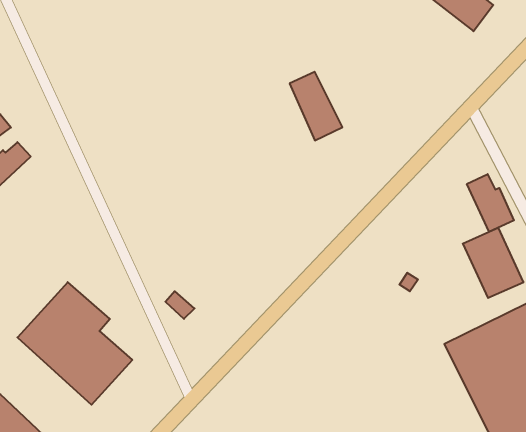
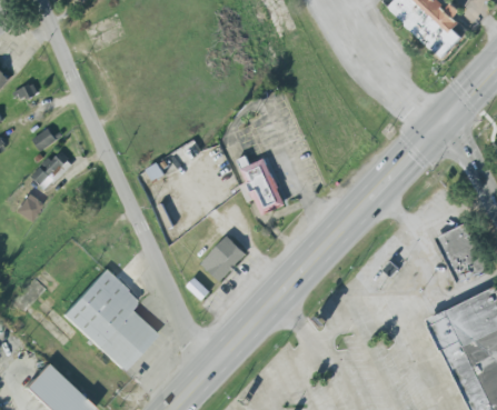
building: [290,72,342,140] -> [240,158,285,216]
building: [467,174,514,232] -> none
building: none -> [203,234,249,280]

